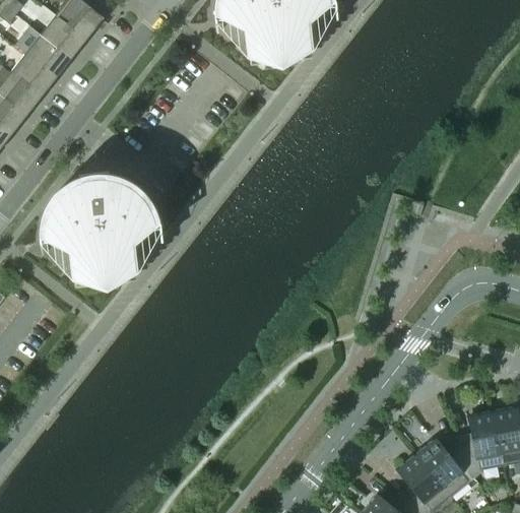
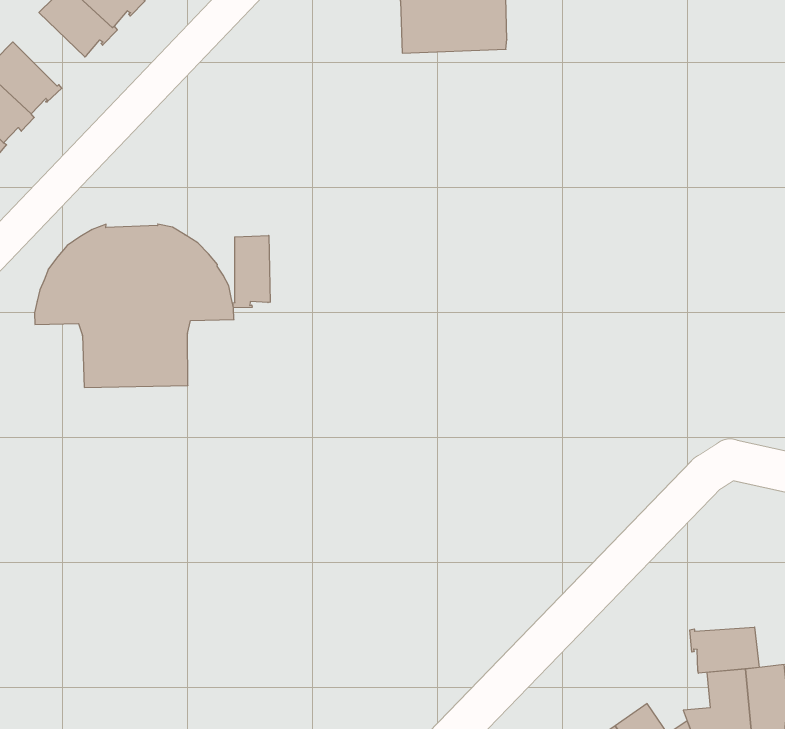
building: [10,53,58,97] -> none
building: none -> [233,235,270,308]
building: none -> [690,627,759,673]

